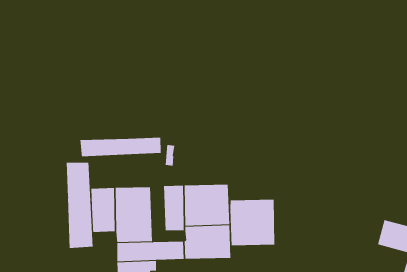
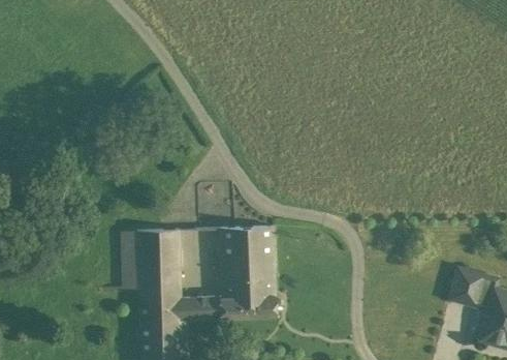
building: [80,137,161,157] -> none
building: [66,162,93,249] -> none
building: [230,199,275,246] -> none

